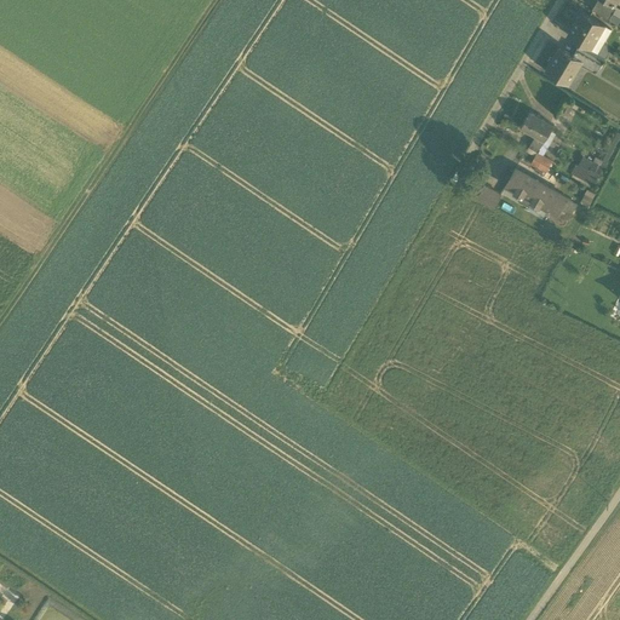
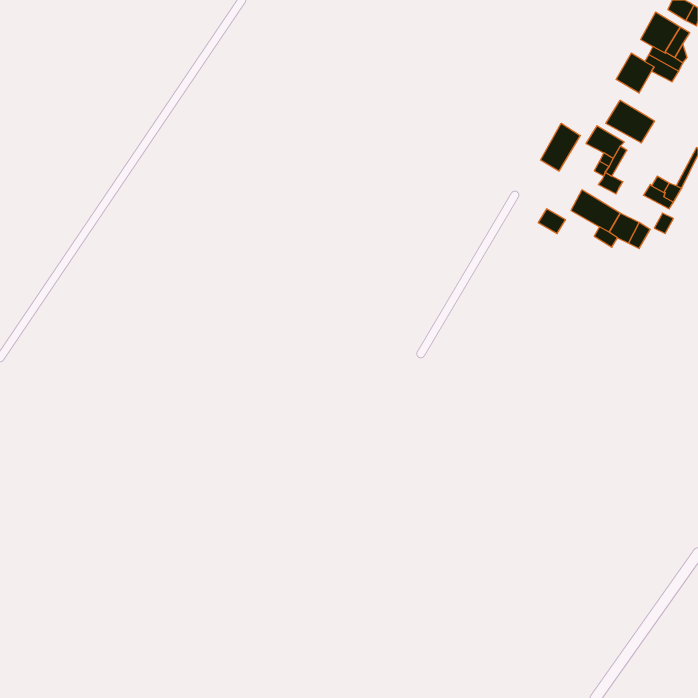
building: none -> [606,100,654,143]
building: none -> [541,123,580,171]

